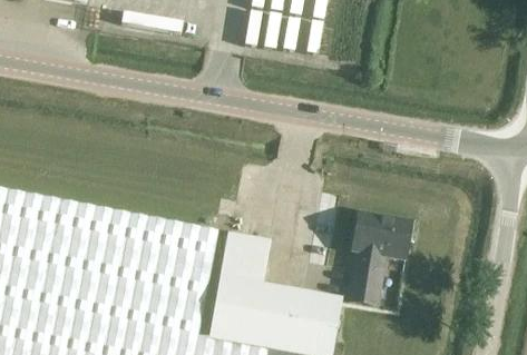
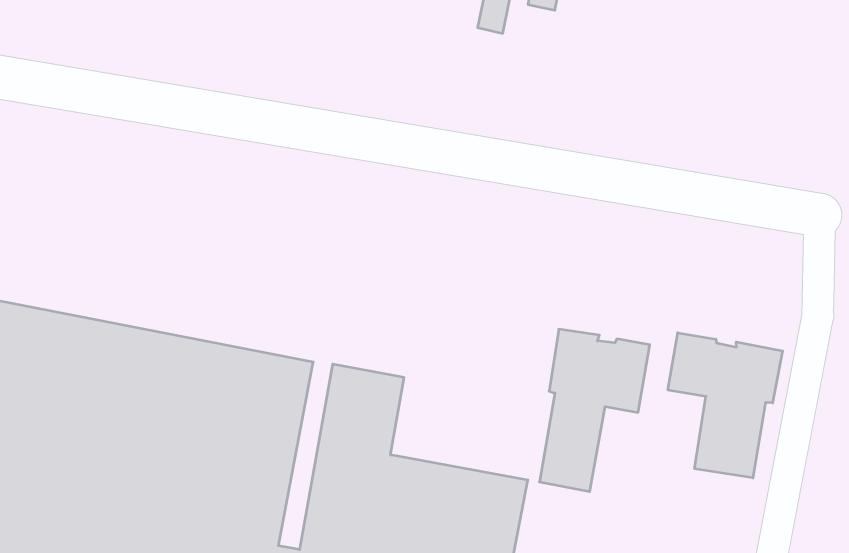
building: none -> [668,333,783,478]

